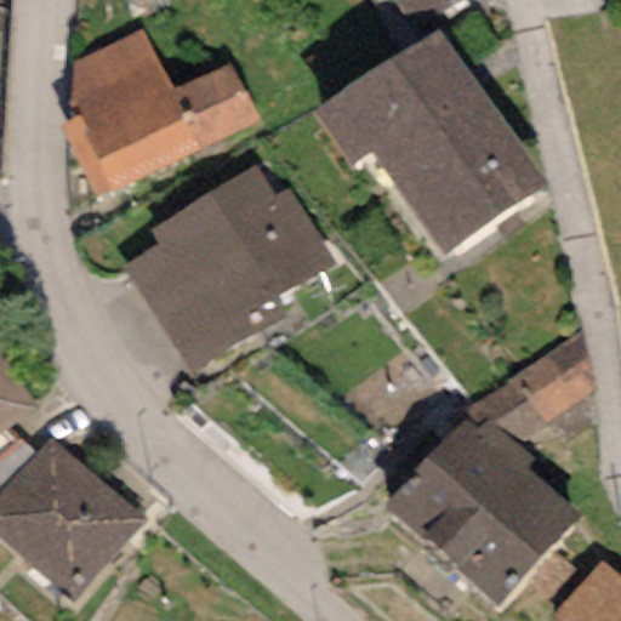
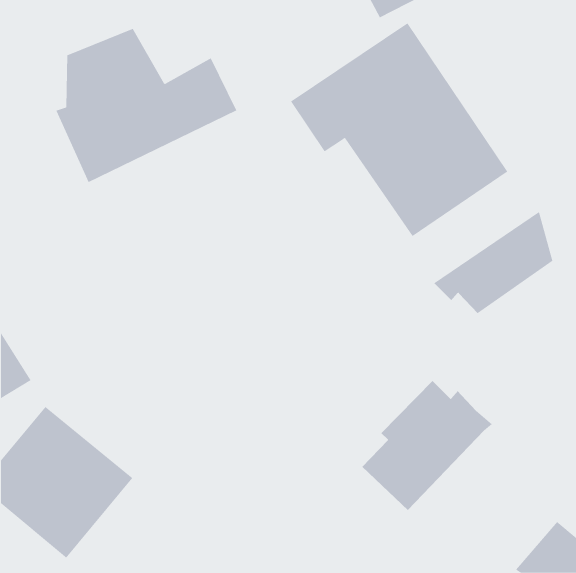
building: [124,164,335,374] -> none
building: [466,331,594,441] -> [433,211,553,314]
building: [439,463,579,602] -> none

